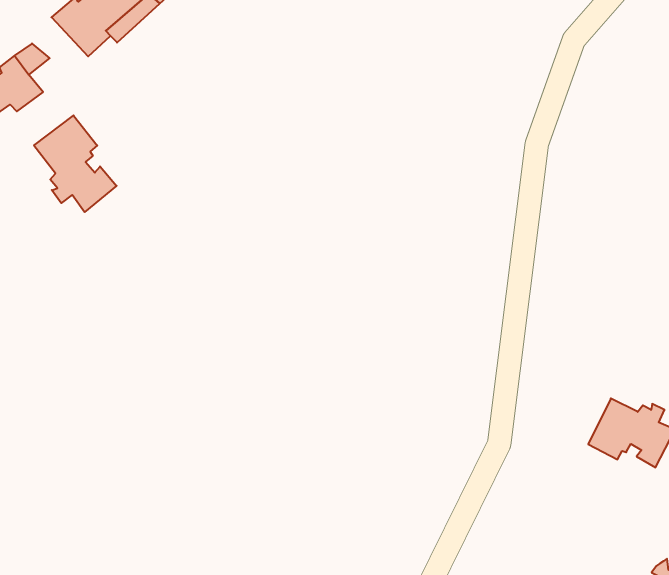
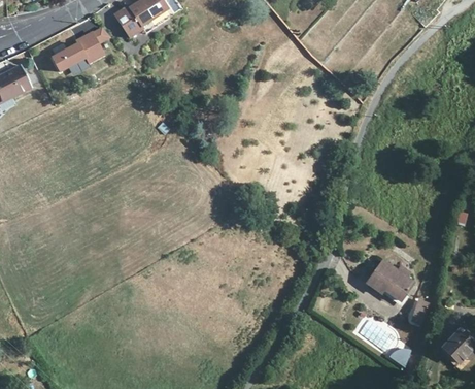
building: [34,115,117,212] -> none
building: none -> [353,315,393,350]

